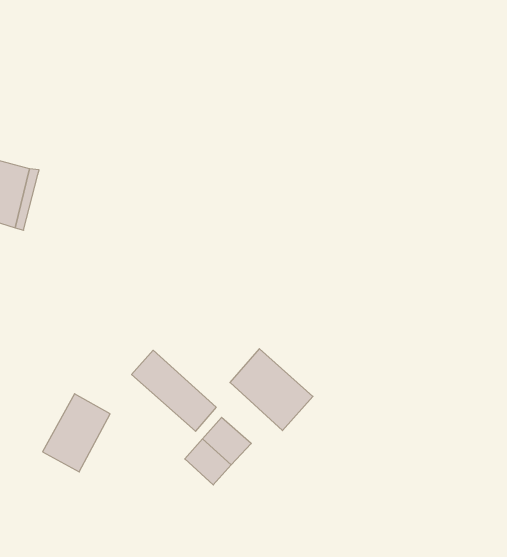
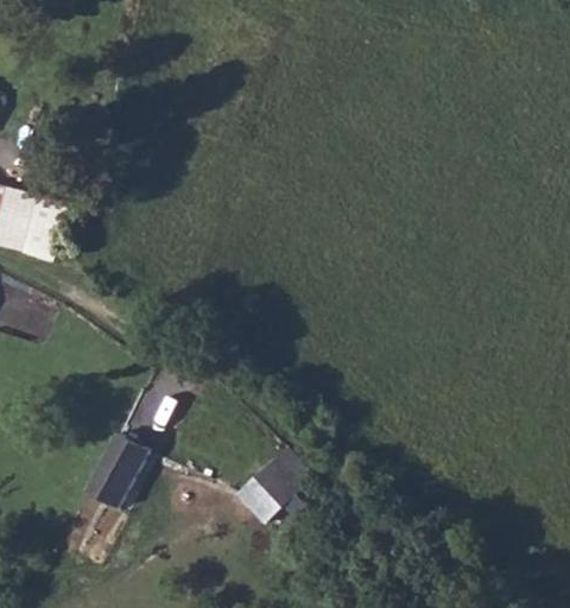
building: [230,349,313,431] -> none
building: [132,350,216,431] -> none

